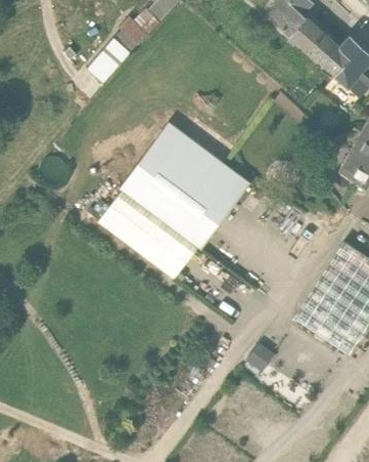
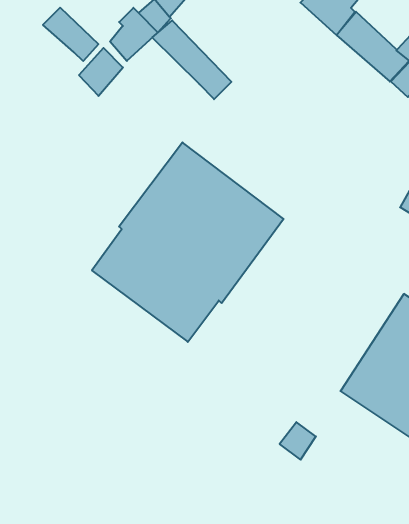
building: none -> [43,8,98,61]
building: none -> [152,20,231,99]

